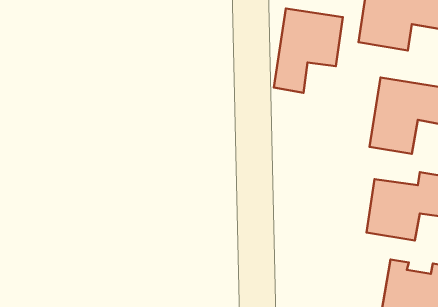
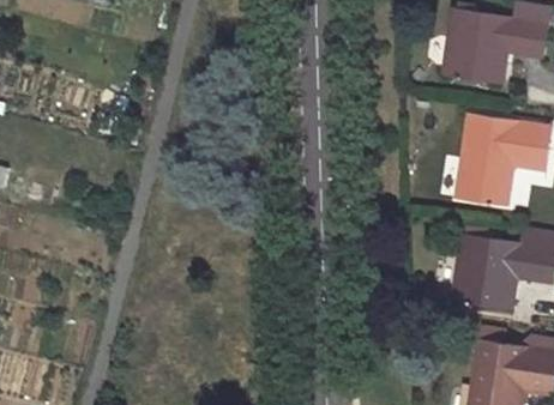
building: [274,8,343,93] -> none

